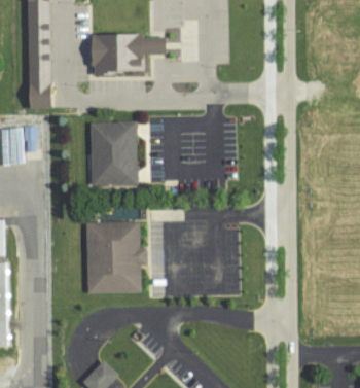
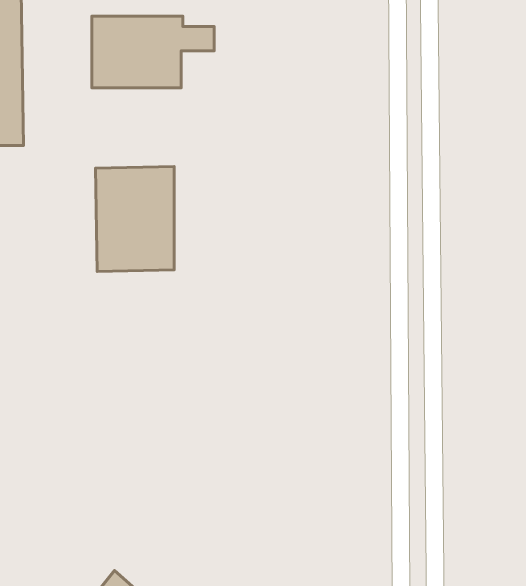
building: [85,220,142,292] -> none

